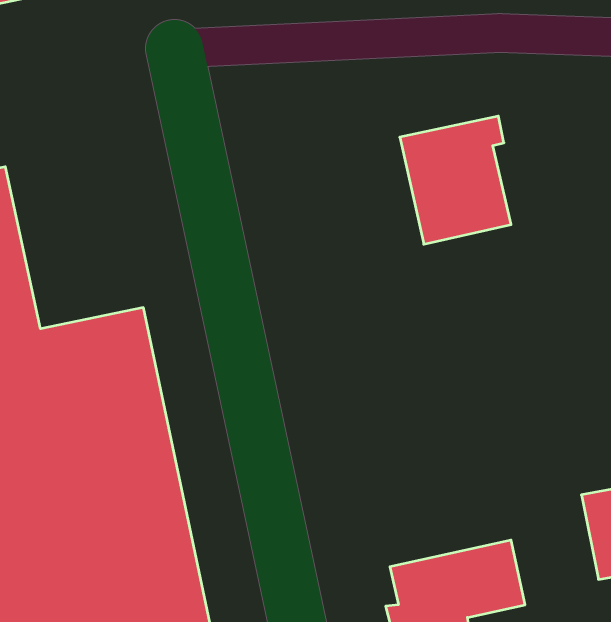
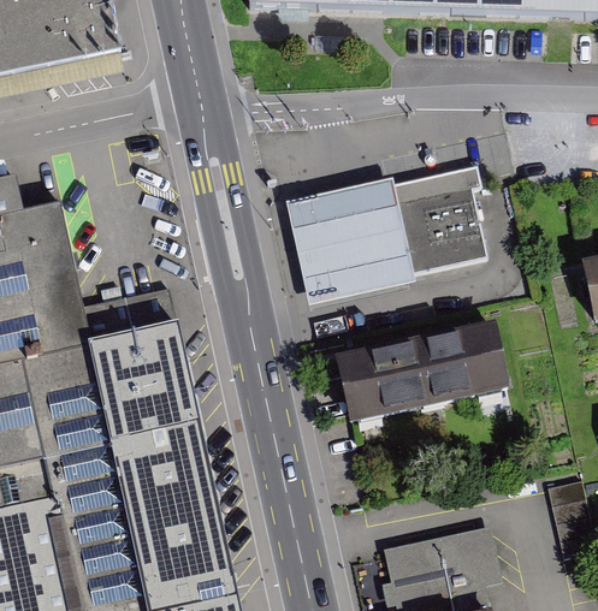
building: none -> [285,171,418,301]
building: none -> [339,320,510,414]

